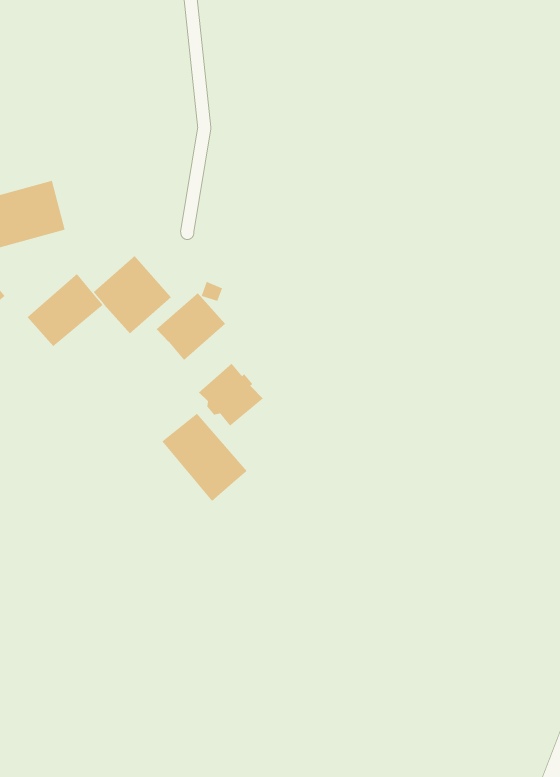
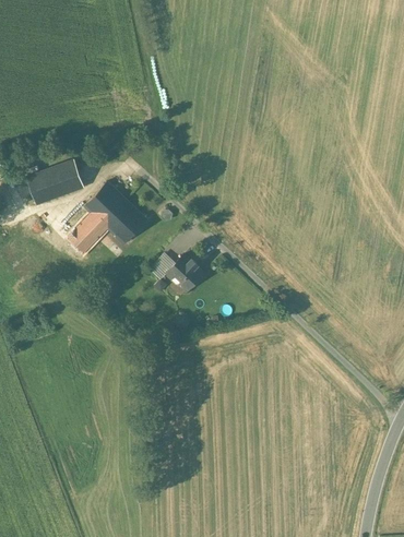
building: [156,292,226,361] -> [84,182,123,222]
building: [162,413,247,502] -> none

